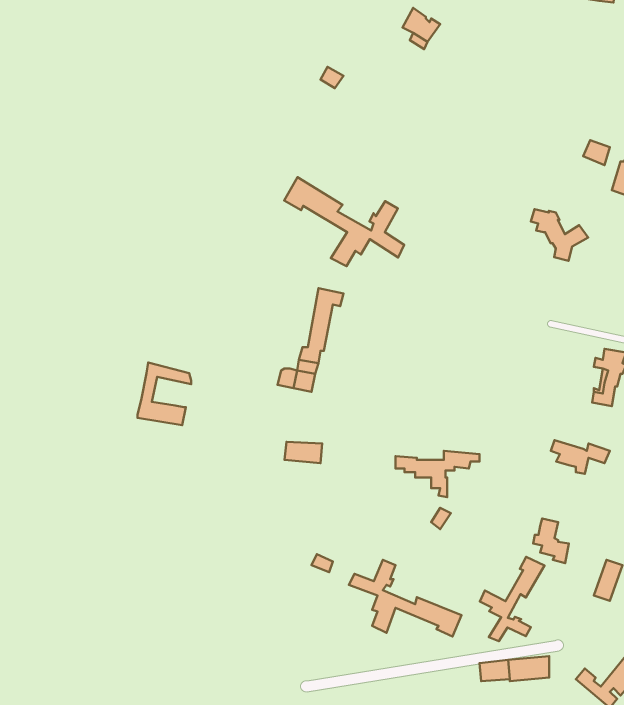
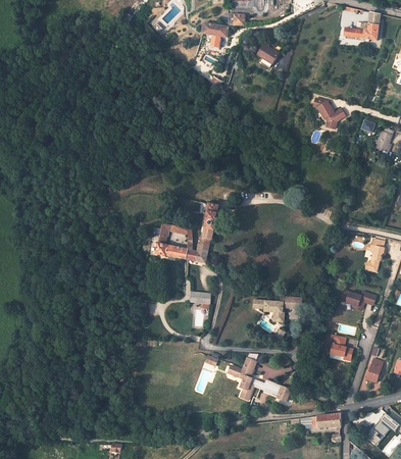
building: [284,177,404,266] -> none
building: [531,209,588,261] -> [313,99,346,129]
building: [137,363,191,425] -> [156,222,187,258]
building: [480,557,545,641] -> none

